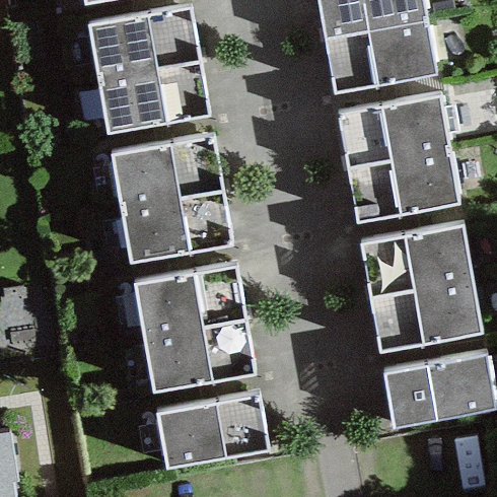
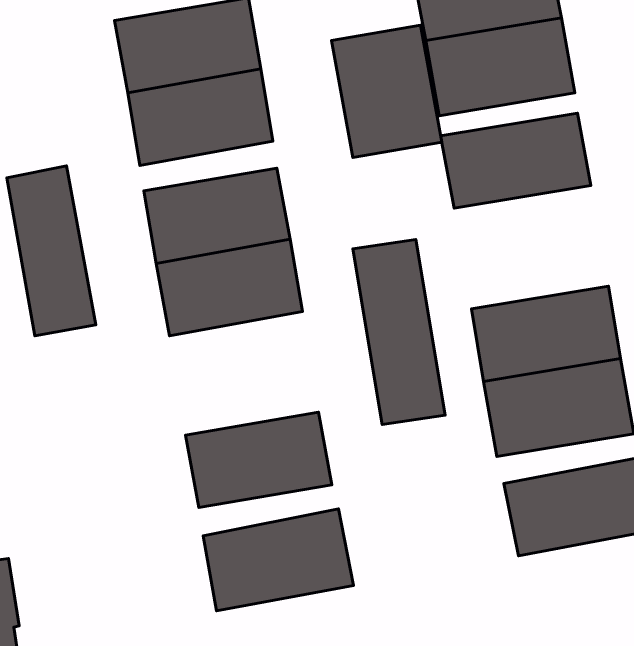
building: none -> [331,25,442,157]
building: none -> [7,166,96,336]
building: [345,148,458,222] -> none
building: none -> [353,240,445,425]
building: [133,265,242,337] -> none

